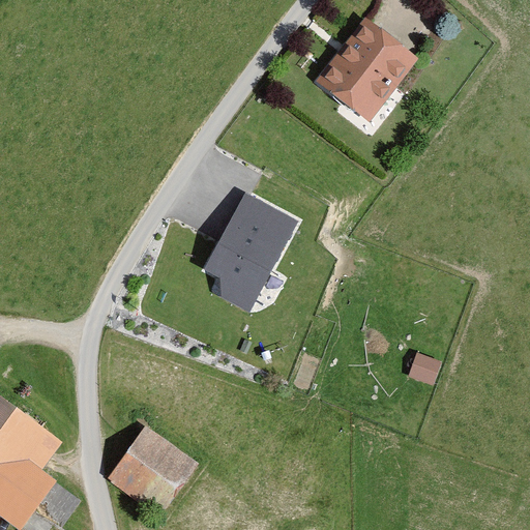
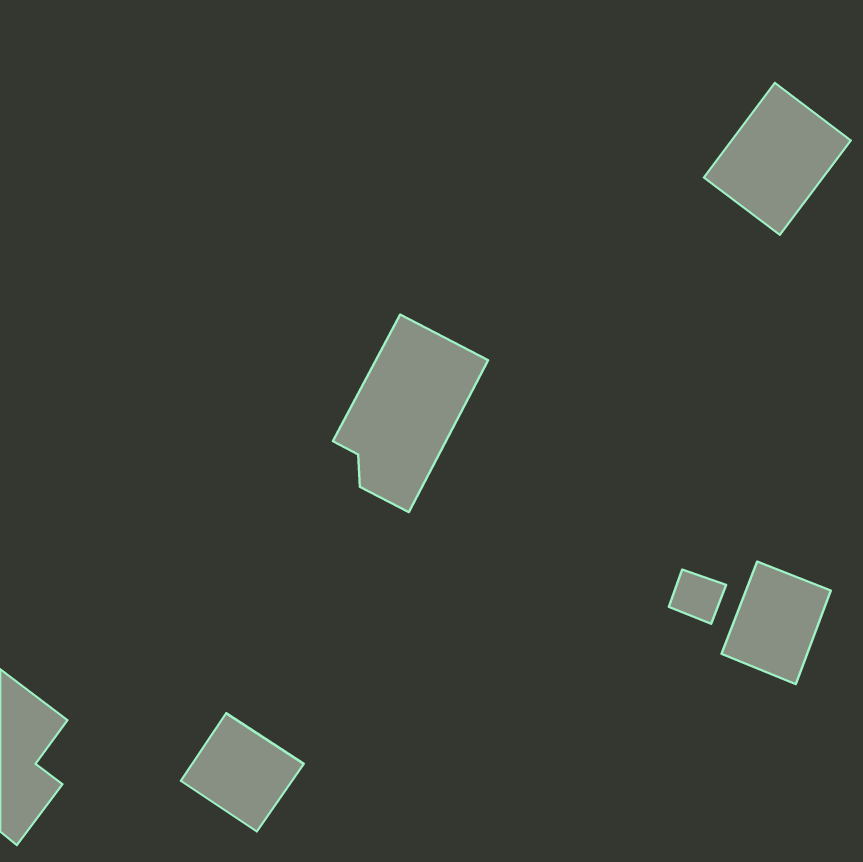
building: [316,21,406,114] -> [704,83,851,235]
building: none -> [722,562,831,684]

